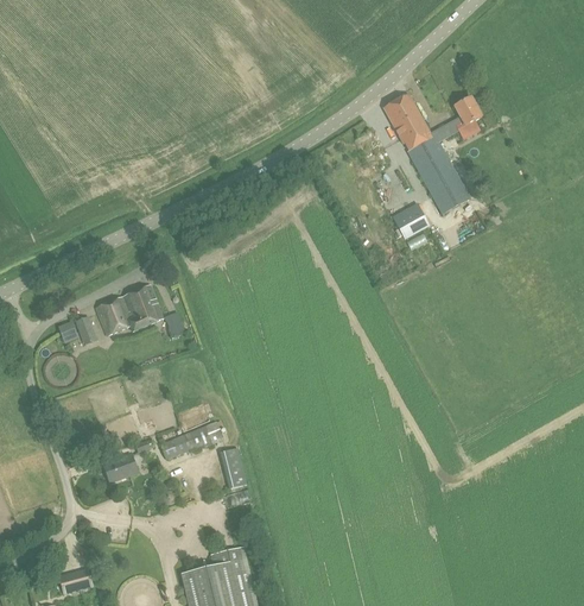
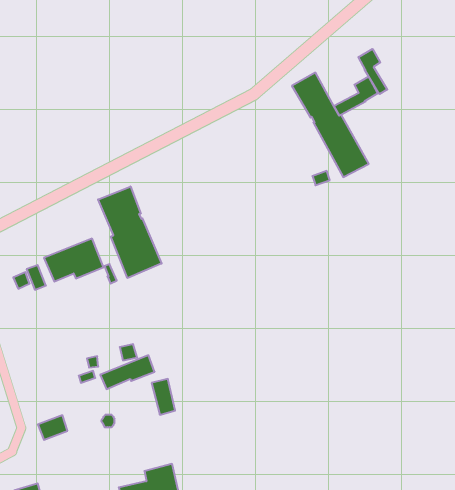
building: none -> [358,49,387,94]
building: none -> [98,186,162,278]
building: [103,454,138,482] -> [38,415,67,440]

